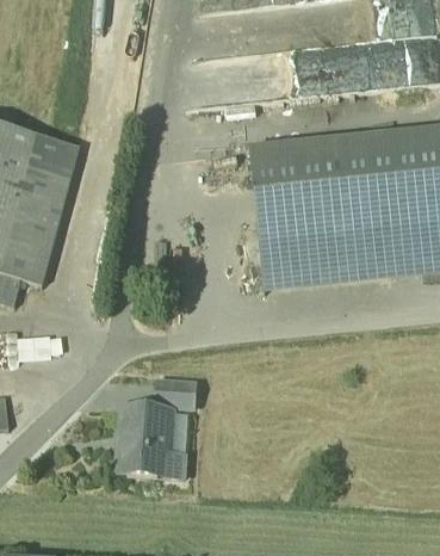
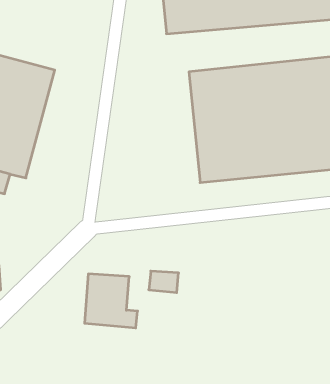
building: [156,378,194,406] -> [149,271,179,293]

